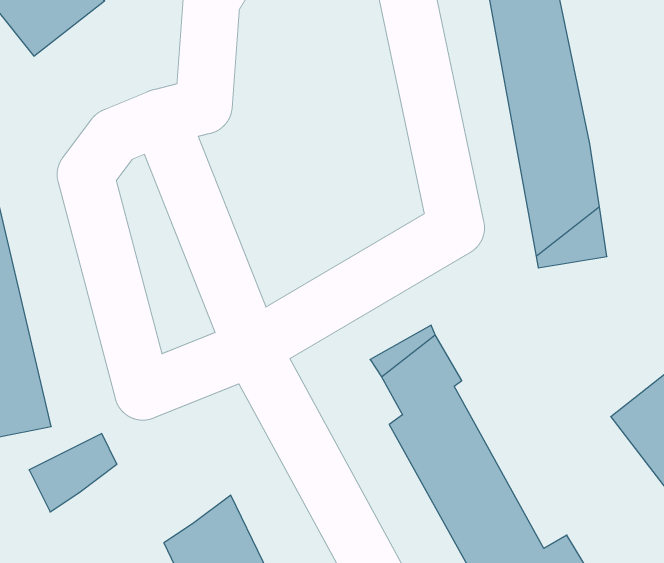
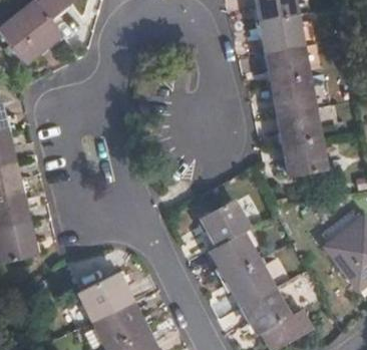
building: [29,434,117,512] -> [80,272,126,313]

